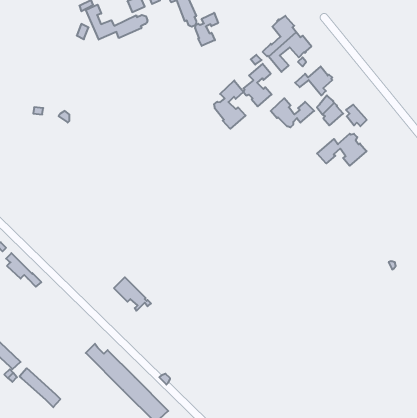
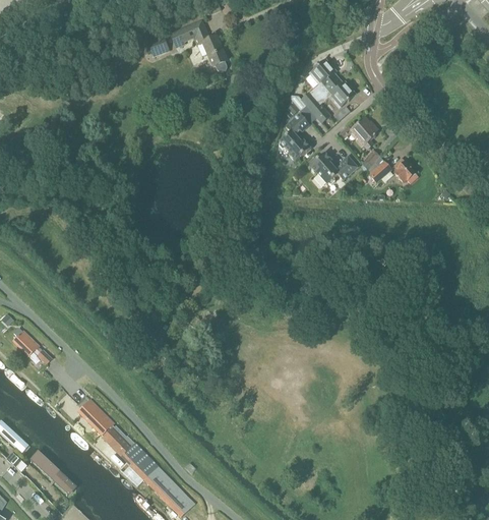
building: [86,5,147,40] -> none
building: [195,13,218,46] -> none
building: [214,80,246,129] -> none
building: [317,134,367,166] -> none
building: [114,277,151,311] -> [77,398,119,436]

